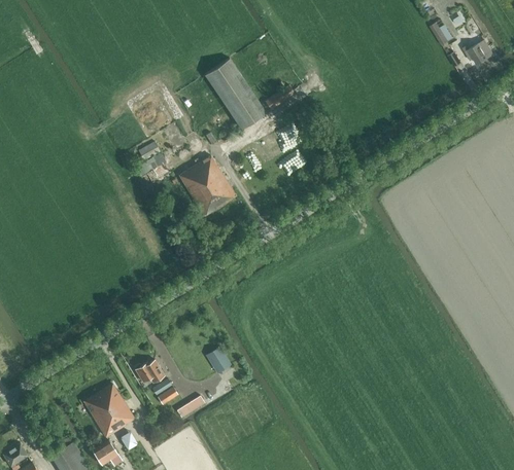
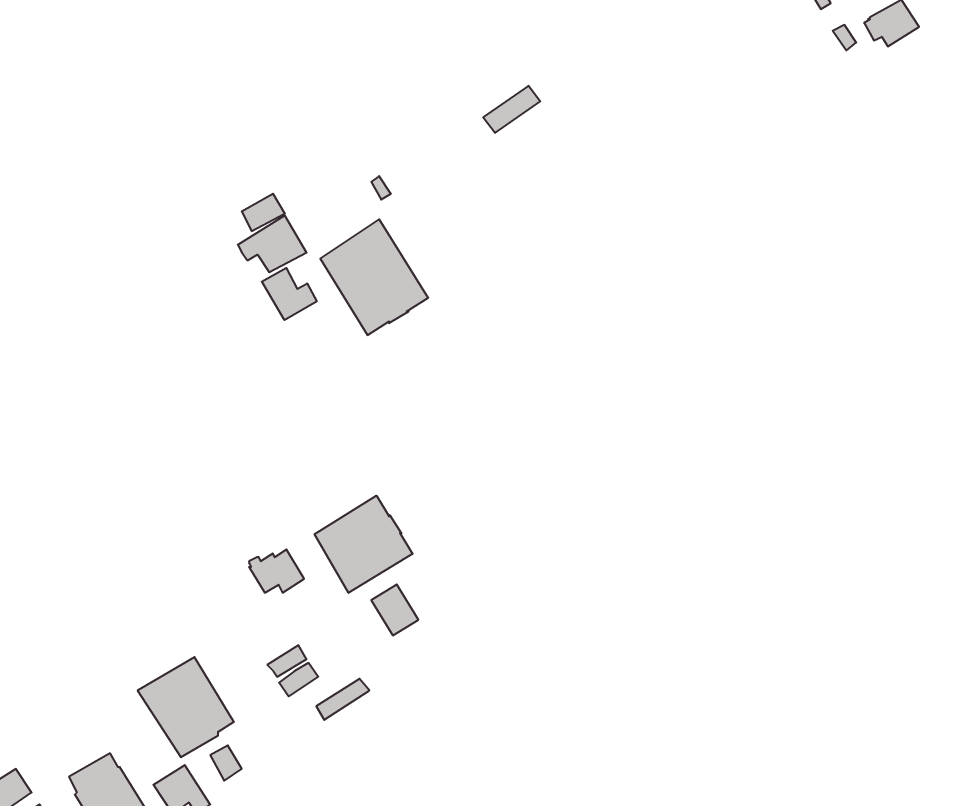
building: [204,59,266,130] -> none
building: none -> [262,268,317,320]
building: none -> [315,496,413,593]
building: [135,360,164,383] -> [249,549,304,593]

